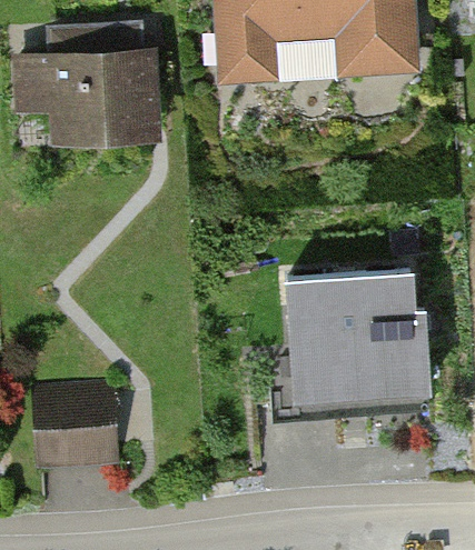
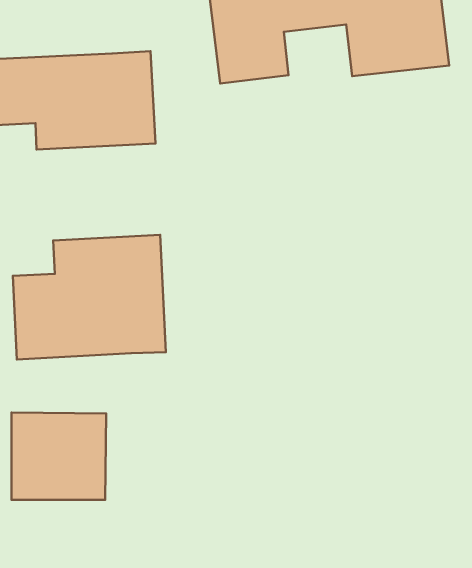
building: none -> [13,235,166,360]
building: [285,267,427,414] -> none

